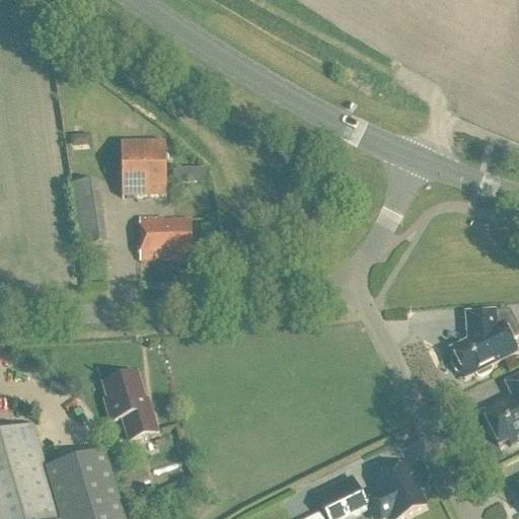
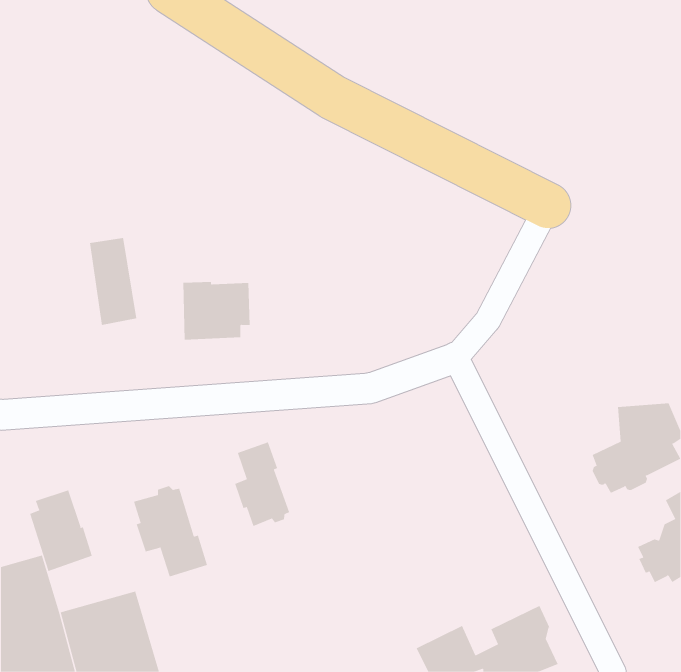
building: [119,142,163,199] -> none
building: none -> [235,441,290,527]
building: none -> [29,489,93,572]

